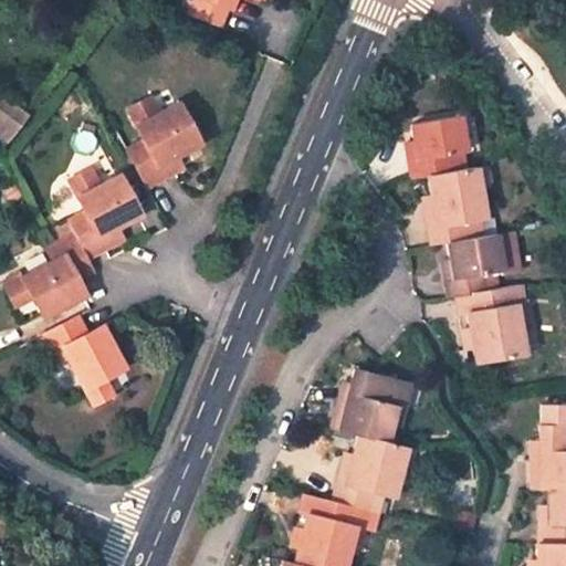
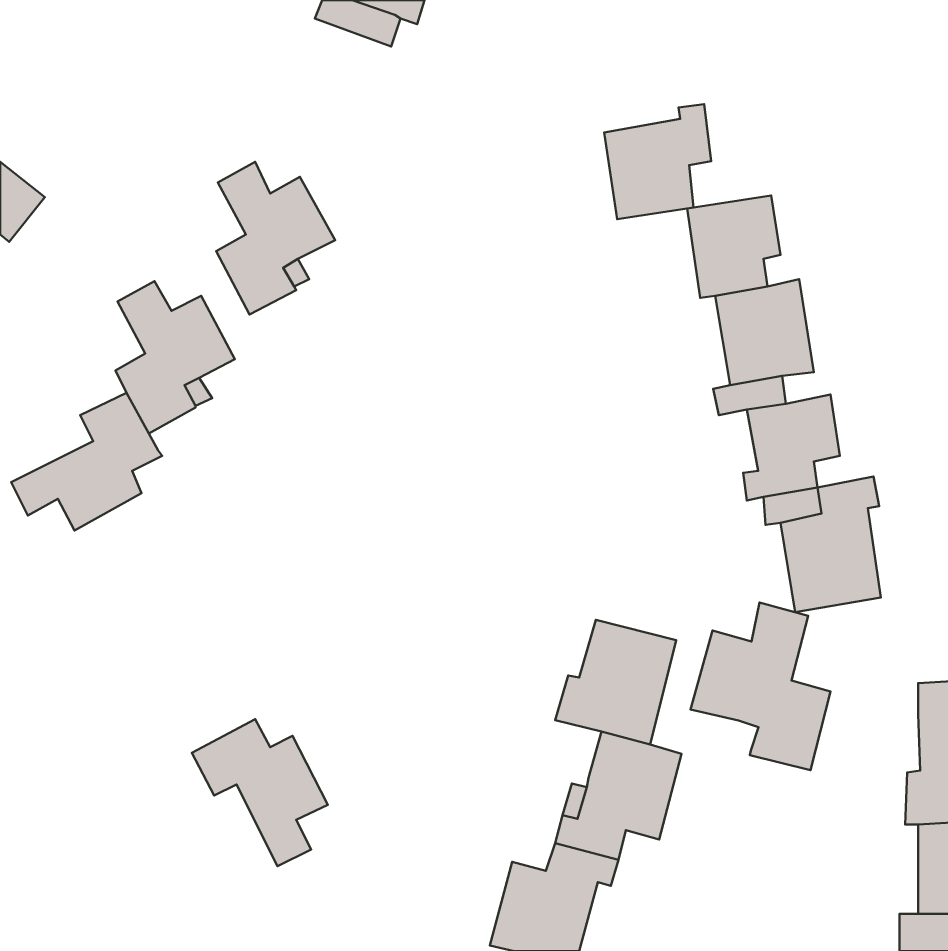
building: none -> [604,104,711,219]
building: [44,316,125,403] -> [192,719,328,866]
building: none -> [690,603,830,770]

